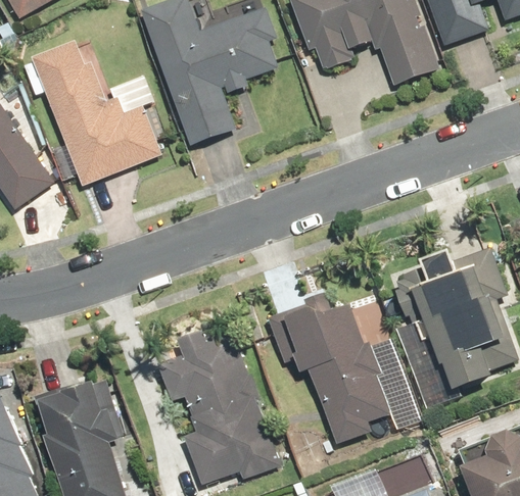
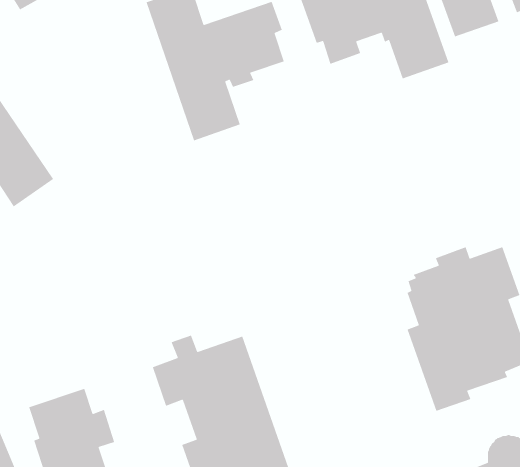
building: [25,39,162,185] -> none
building: [270,291,391,442] -> none

